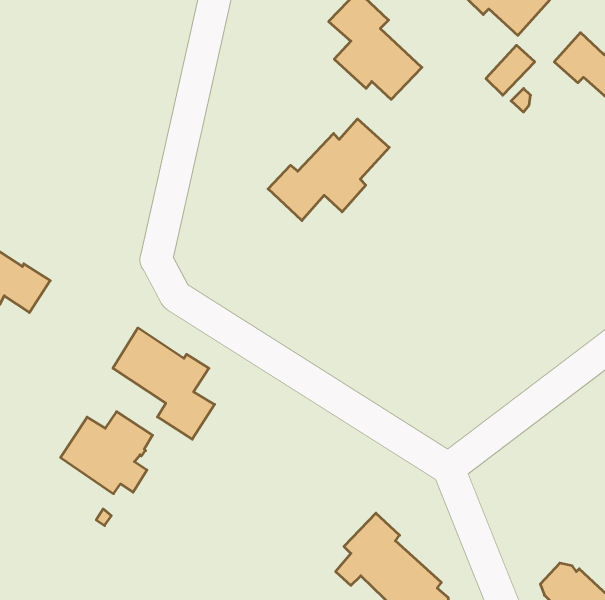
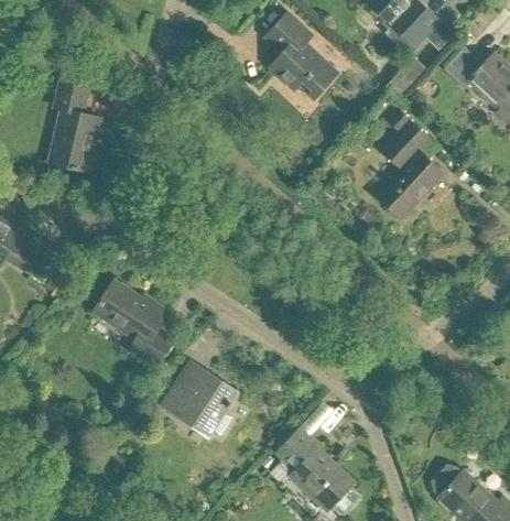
building: none -> [48,75,100,172]
building: none -> [377,108,443,218]
building: [268,119,389,221] -> none
building: [61,412,153,494] -> [163,371,236,436]

